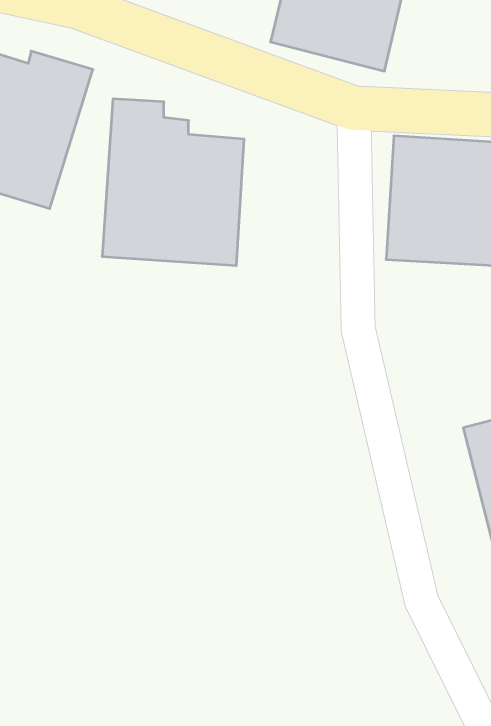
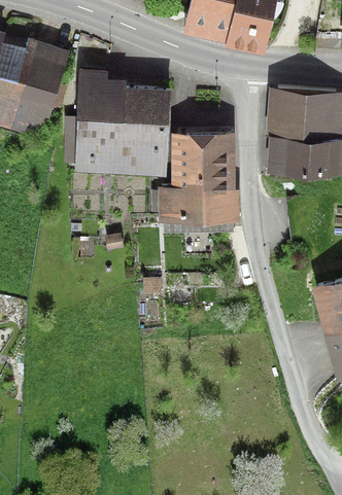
building: none -> [156,130,234,221]

